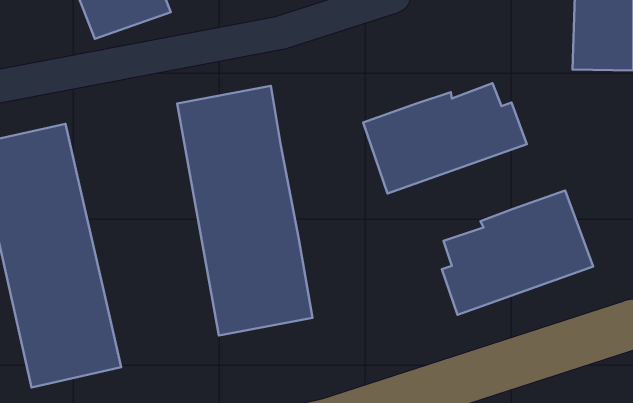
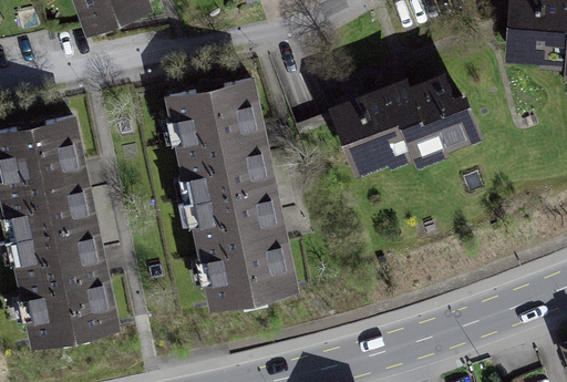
building: [442,191,593,315] -> none

